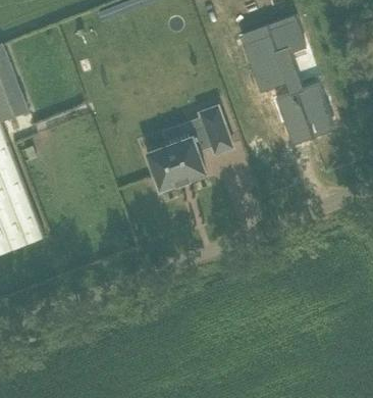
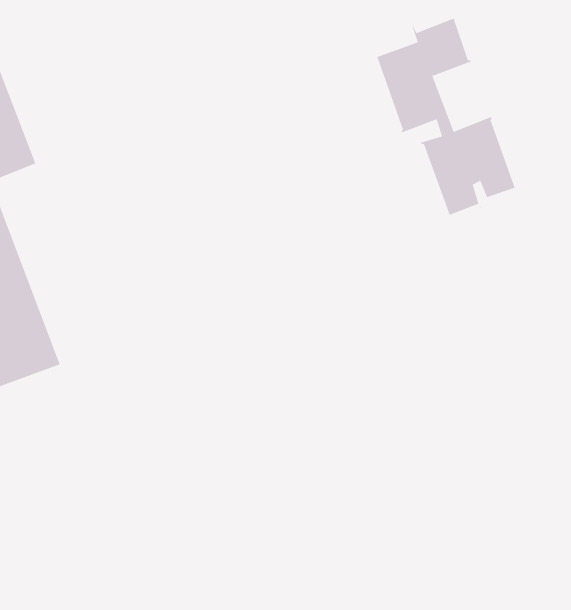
building: [146,105,232,191] -> none

